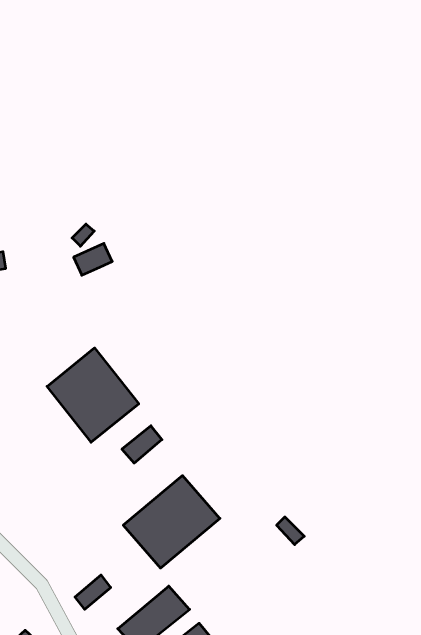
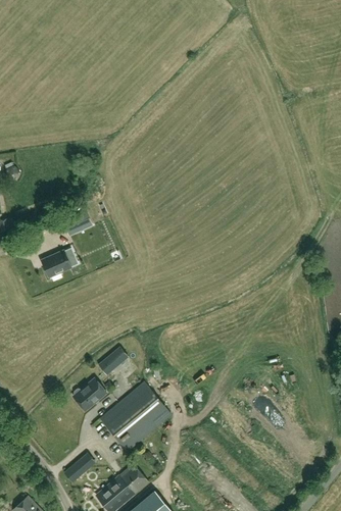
building: none -> [42,251,71,276]
building: [47,348,139,442] -> none
building: none -> [74,378,106,410]

